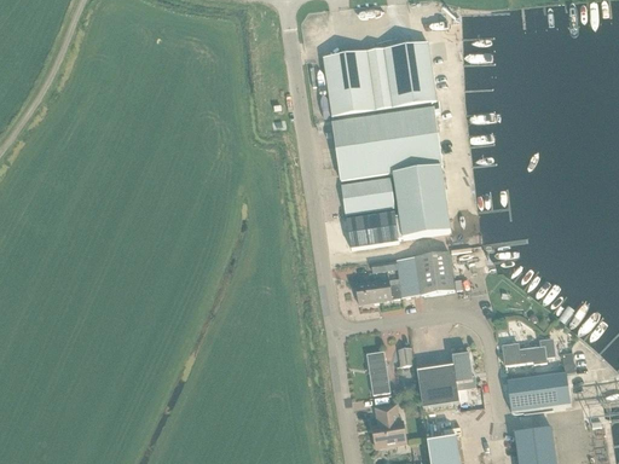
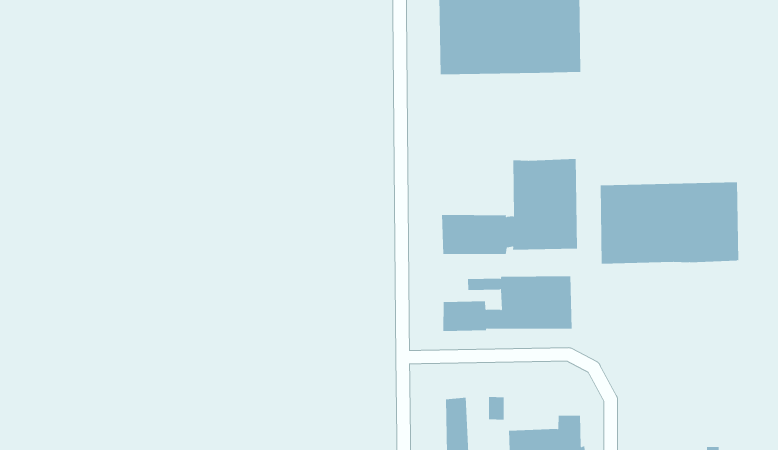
building: [331,105,441,179] -> [600,182,739,264]
building: [341,176,393,213] -> none
building: [502,336,555,364] -> none

